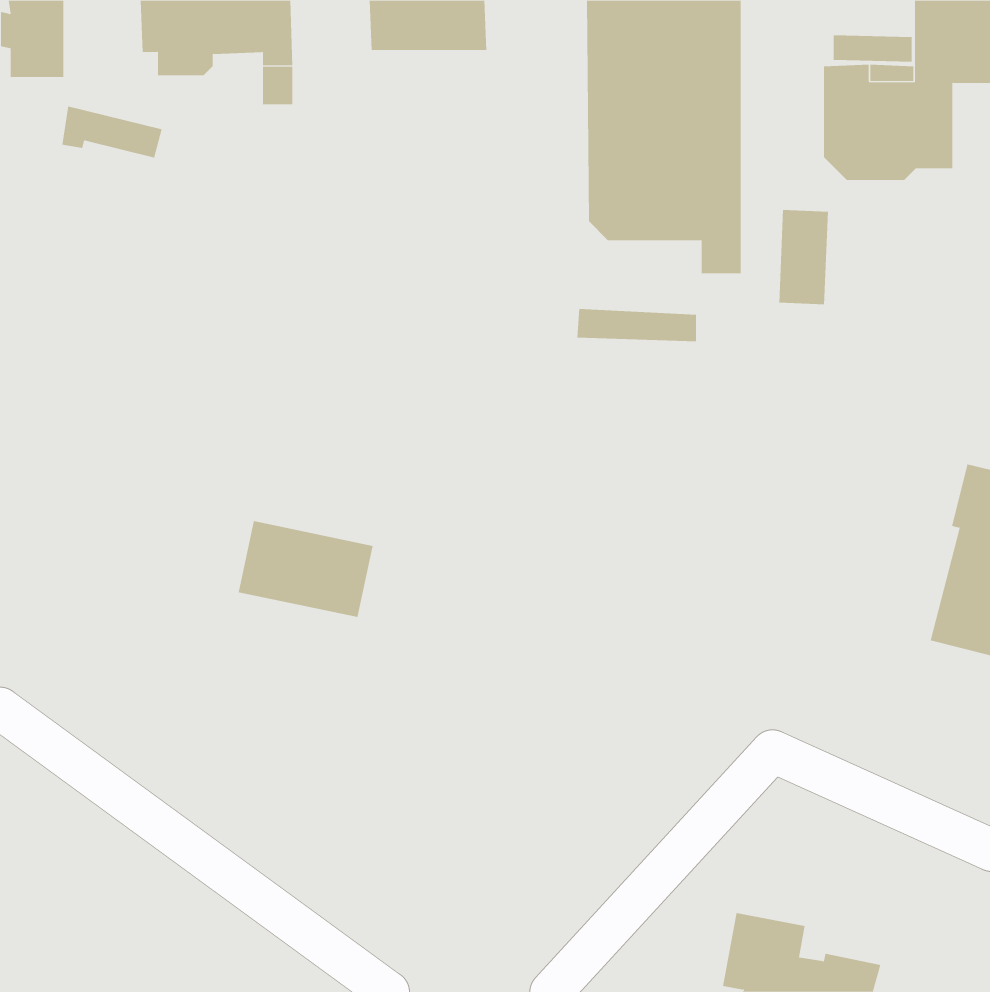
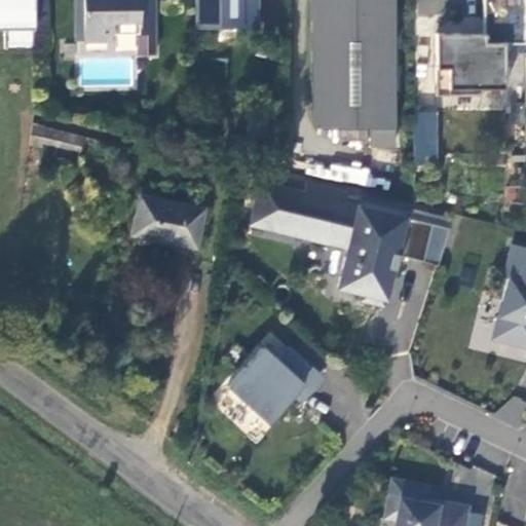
building: [62,106,163,158] -> [30,123,83,151]
building: none -> [250,183,450,306]
building: [238,521,374,618] -> [132,195,203,247]
building: none -> [227,348,323,424]

